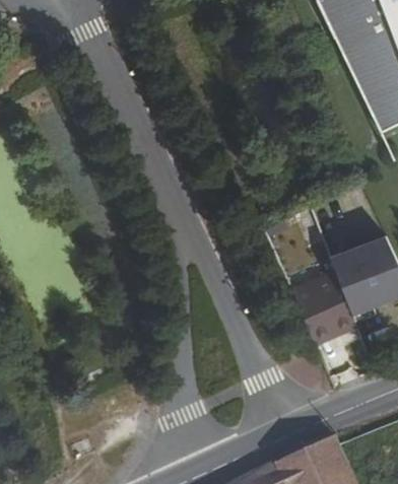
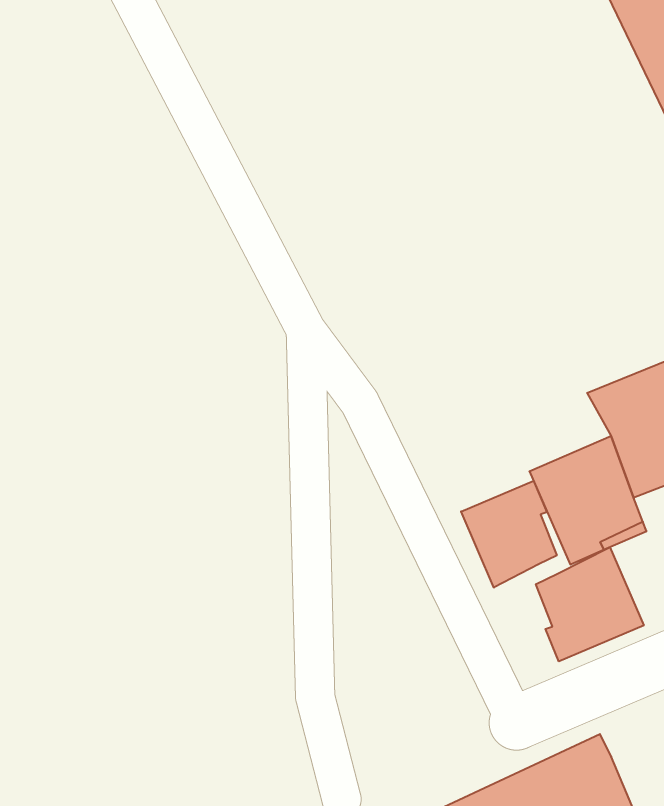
building: none -> [461,481,557,588]
building: none -> [536,547,644,661]

